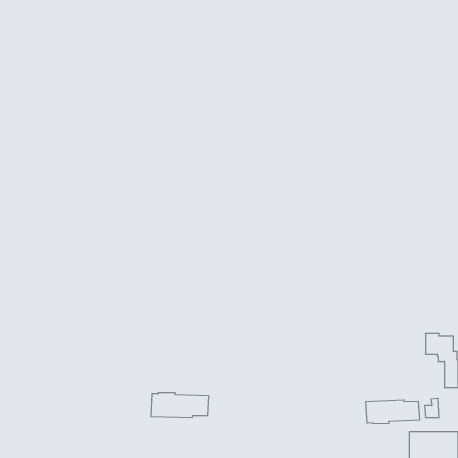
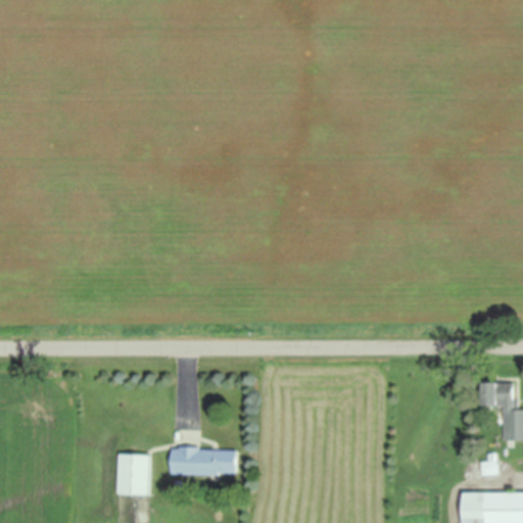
building: none -> [117,455,149,494]
building: [366,400,419,424] -> none

